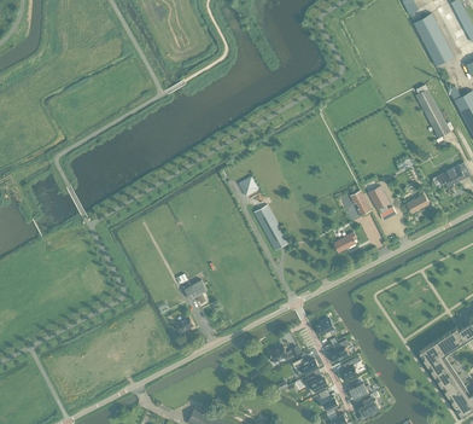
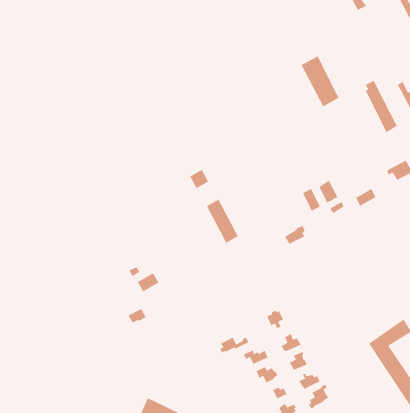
building: [413,12,452,65] -> [300,55,340,108]

